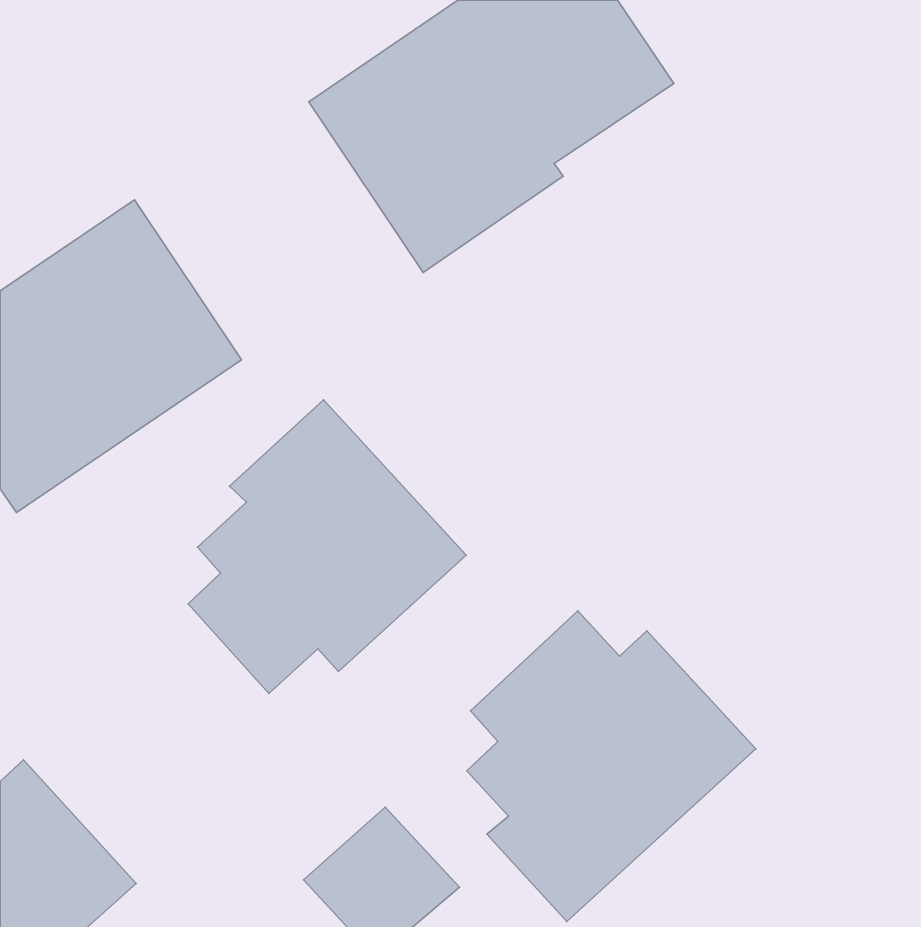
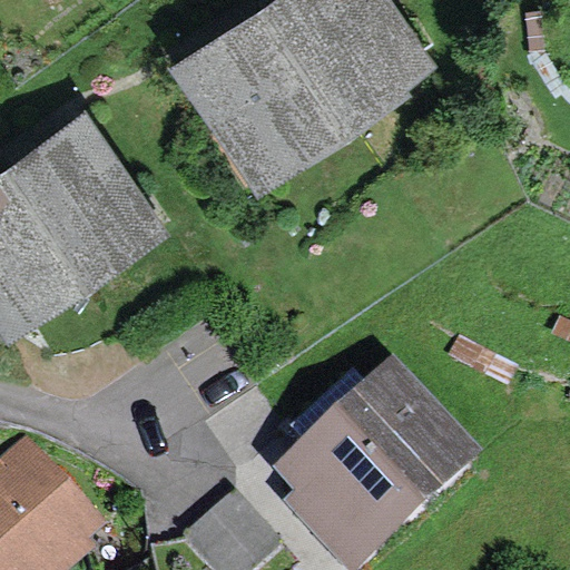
building: [188,400,466,694] -> none

